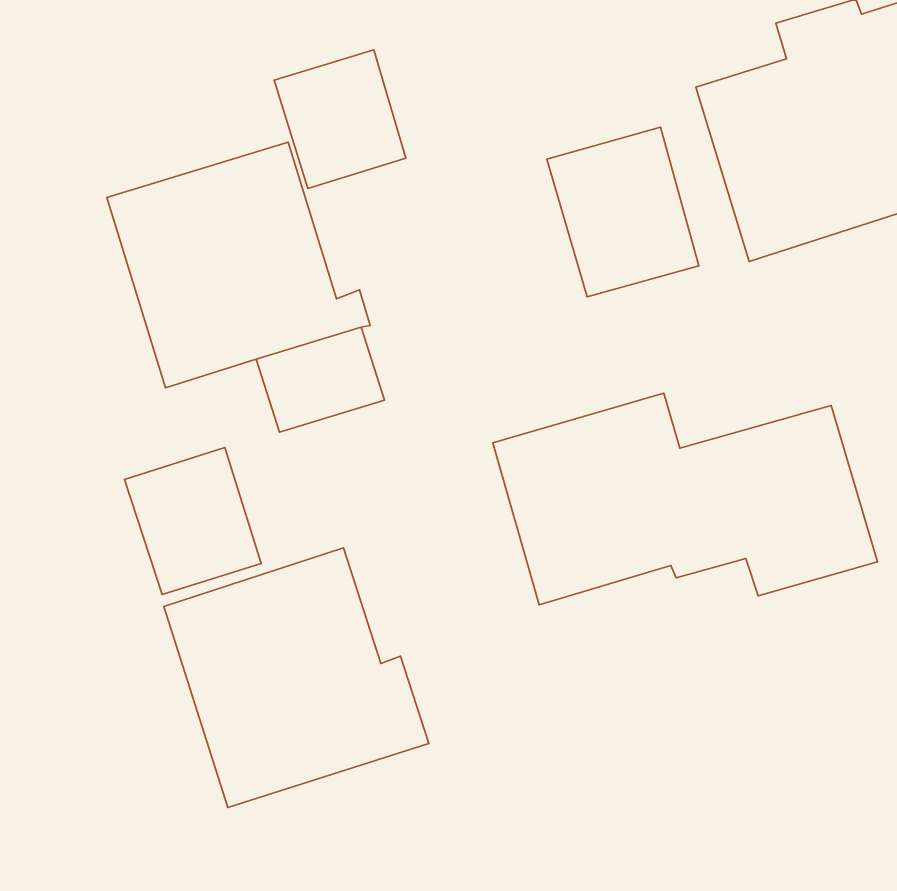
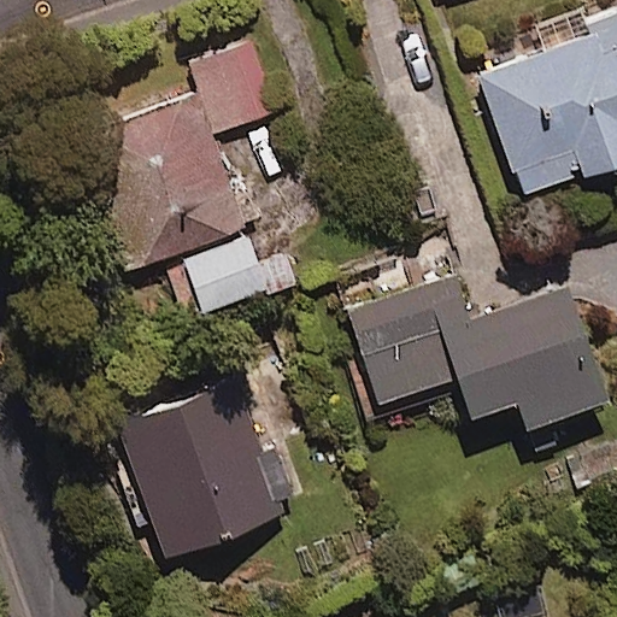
building: [547,127,699,297] -> none
building: [125,447,261,594] -> none

